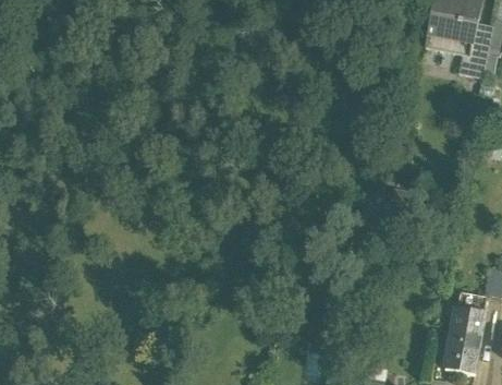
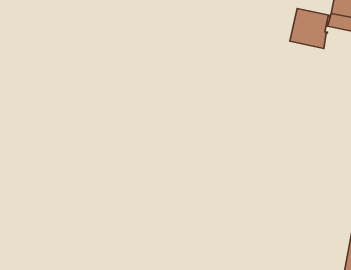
building: none -> [290,8,330,48]

